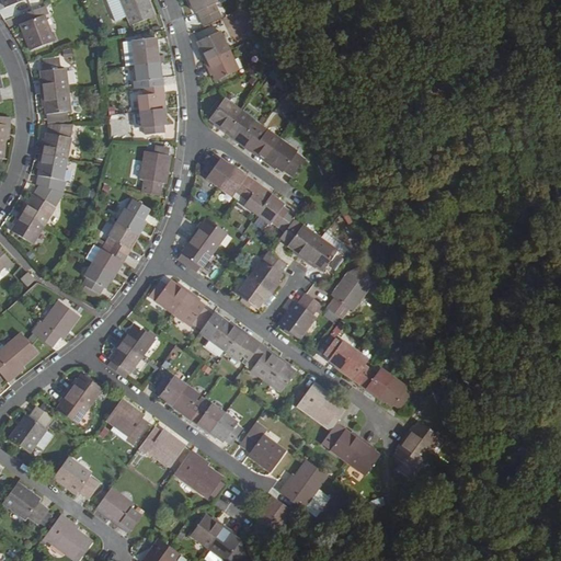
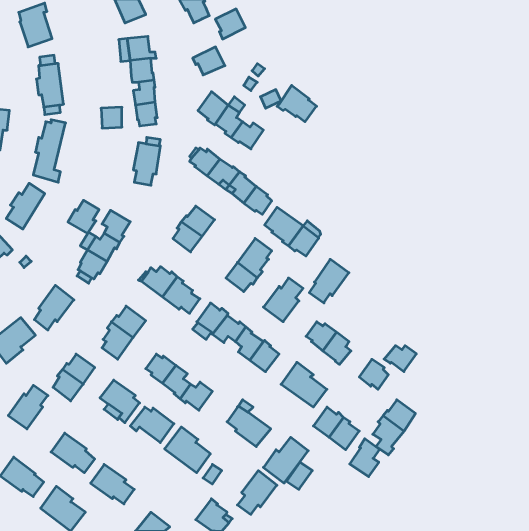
building: [195,30,227,61] -> [215,9,245,39]
building: [262,137,304,175] -> [277,85,317,122]
building: [116,198,149,233] -> [68,200,99,233]
building: [357,369,391,397] -> [384,346,416,372]
building: [209,412,241,444] -> none
building: none -> [350,439,380,477]
building: [188,514,222,547] -> none

